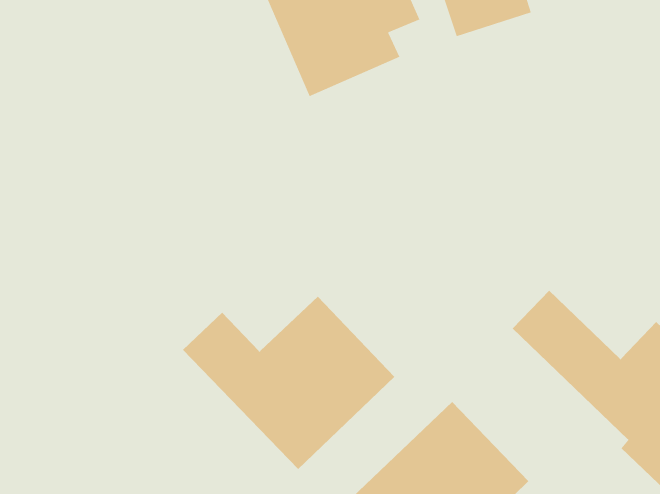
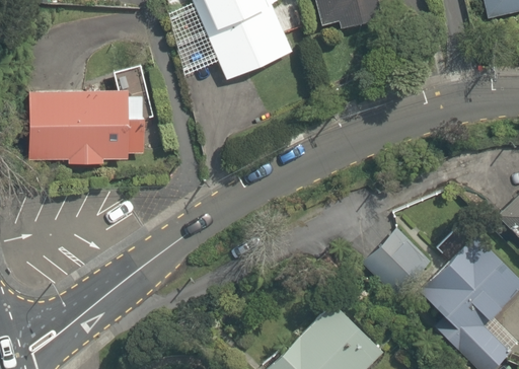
building: none -> [28,61,158,164]
building: [182,296,395,470] -> none

